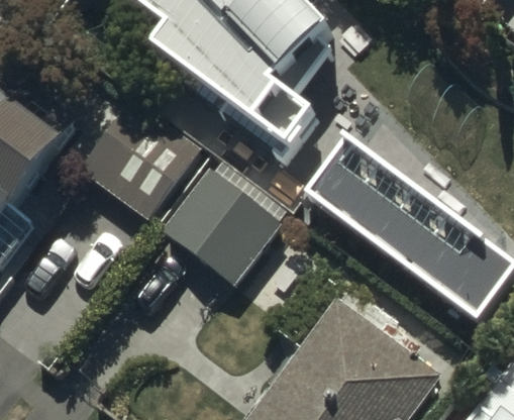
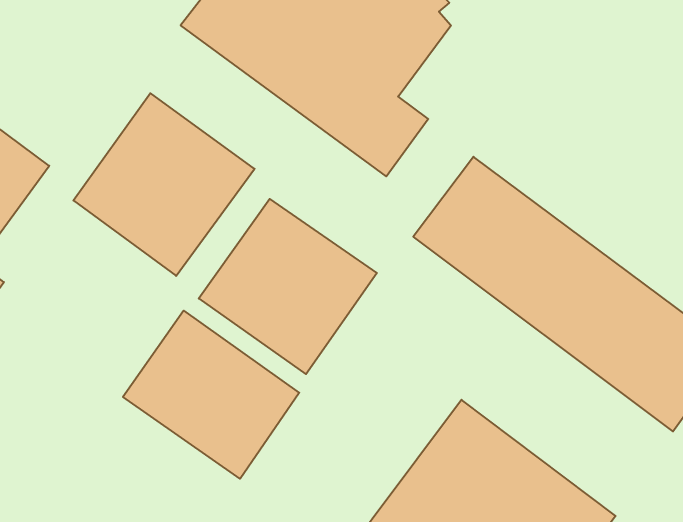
building: none -> [123,311,299,479]

